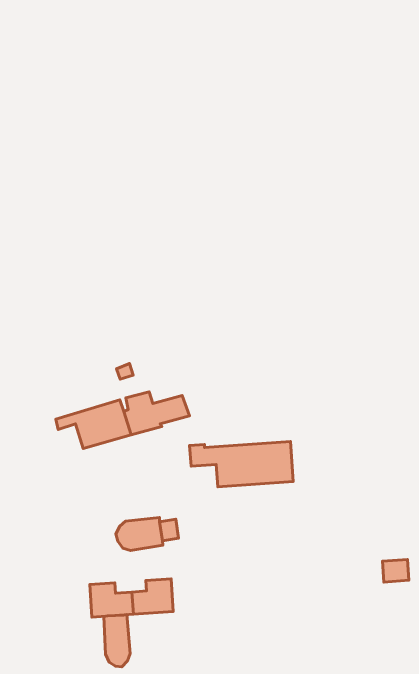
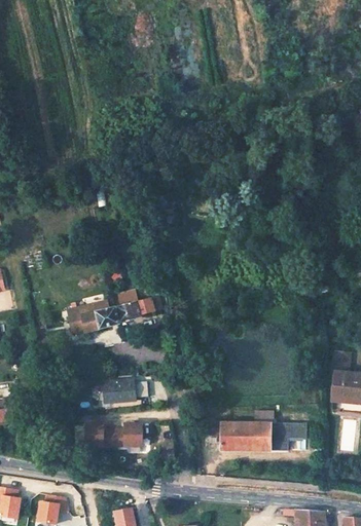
building: [190,442,293,487] -> [203,419,273,449]
building: [104,615,130,667] -> none

